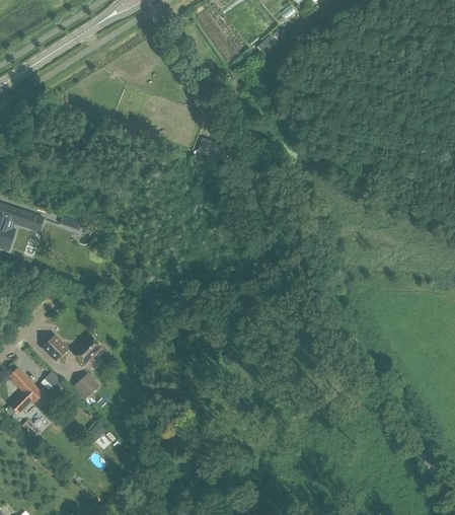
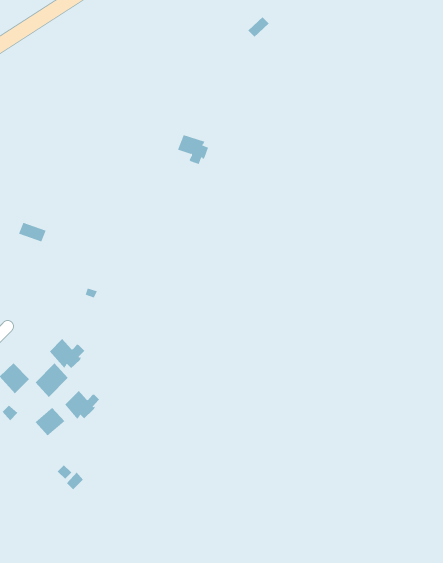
building: none -> [49,338,85,369]
building: none -> [64,390,100,420]

